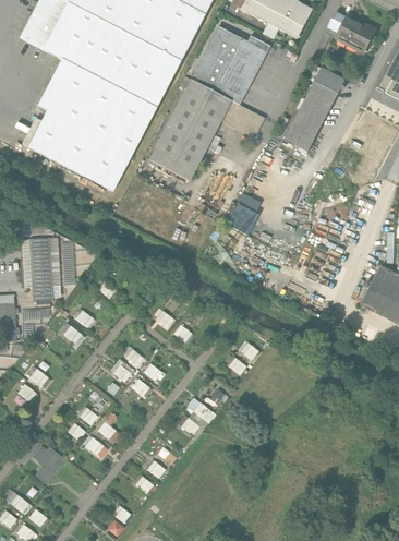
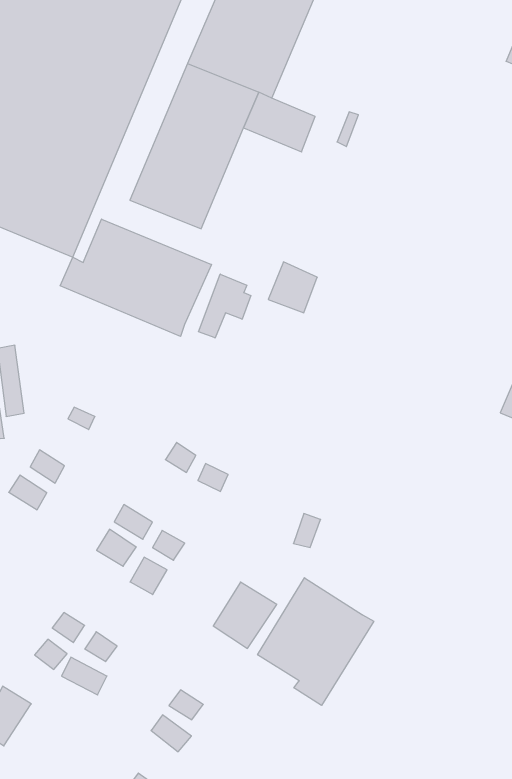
building: [283,62,343,152] -> none
building: none -> [60,219,211,336]
building: none -> [198,274,251,338]
building: none -> [258,578,374,705]

